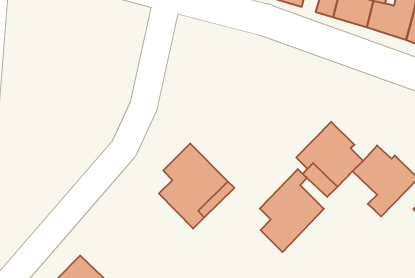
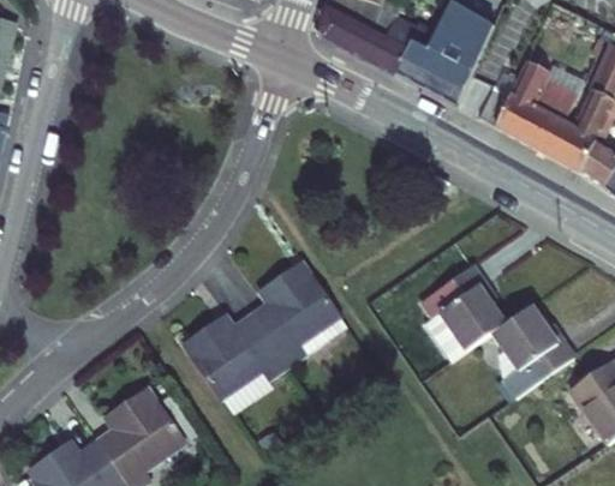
building: [260,169,324,252] -> none
building: none -> [169,316,274,400]

